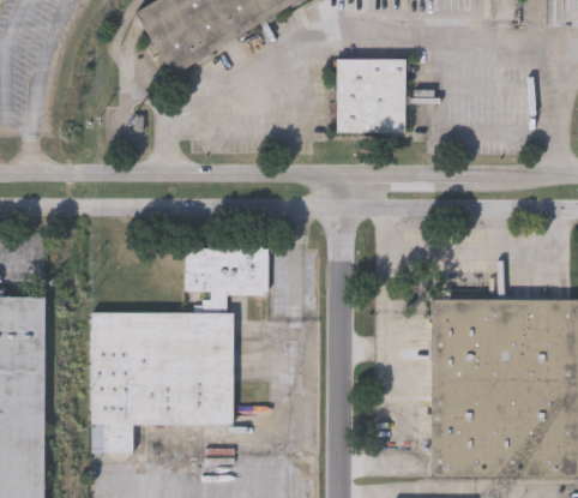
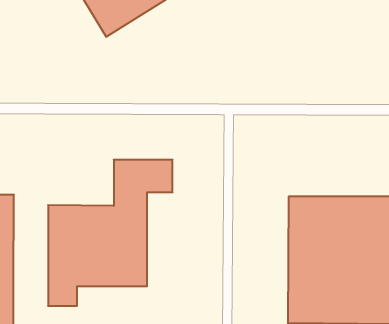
building: [337,60,407,134] -> none

